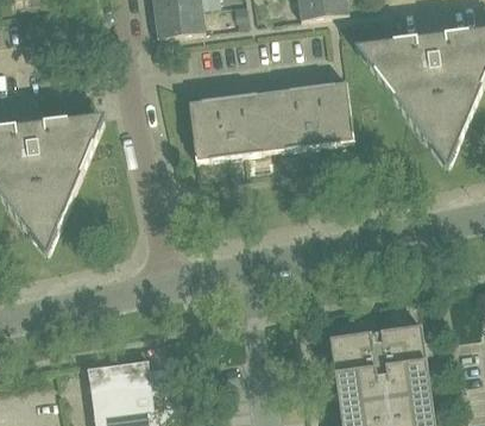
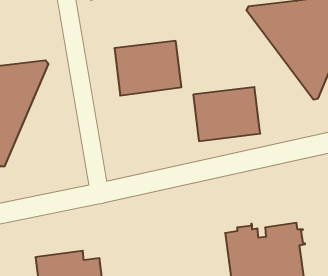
building: [266,80,352,149] -> [193,87,260,141]

